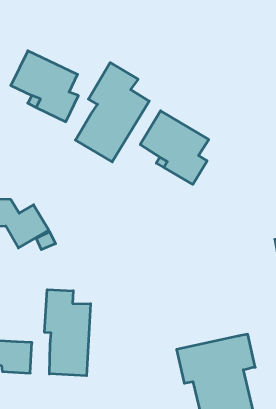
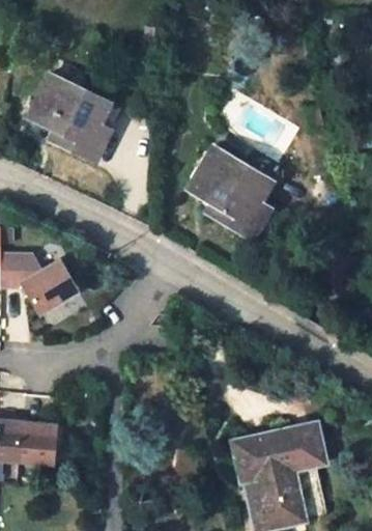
building: [75,63,149,162] -> none
building: [45,290,91,376] -> none

